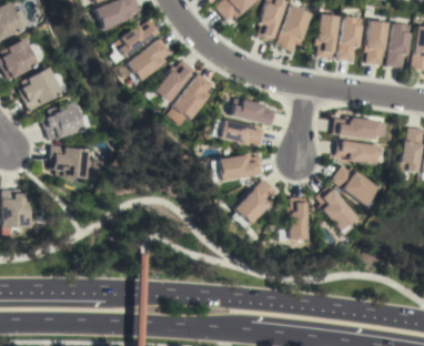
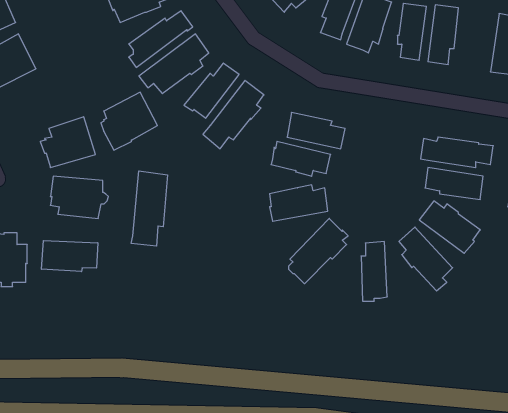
building: [364,21,386,64] -> none
building: [20,67,63,111] -> [101,92,157,150]
building: none -> [131,171,167,246]
building: none -> [42,241,98,272]

